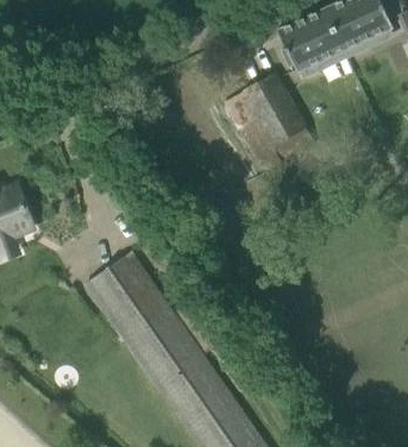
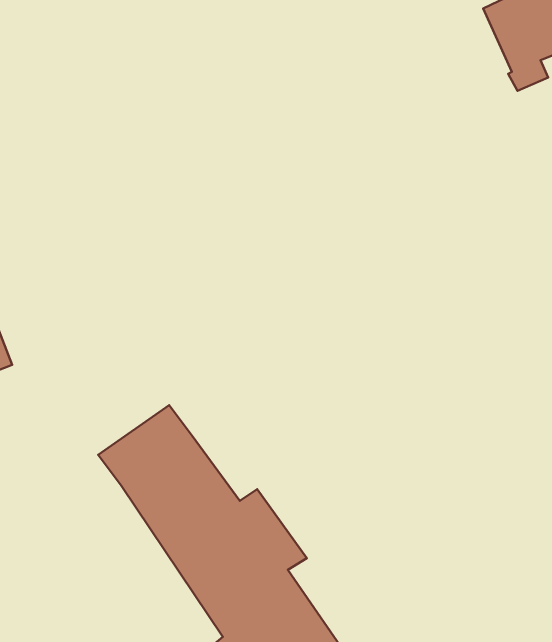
building: [277,6,344,78] -> none
building: [225,73,315,171] -> none

